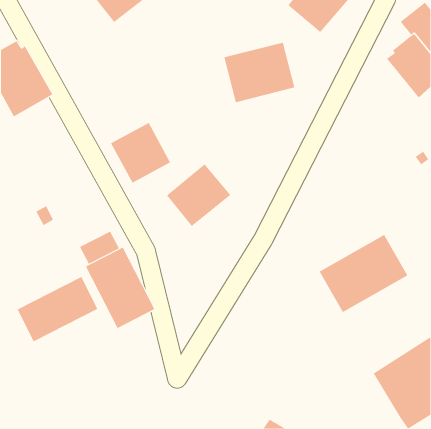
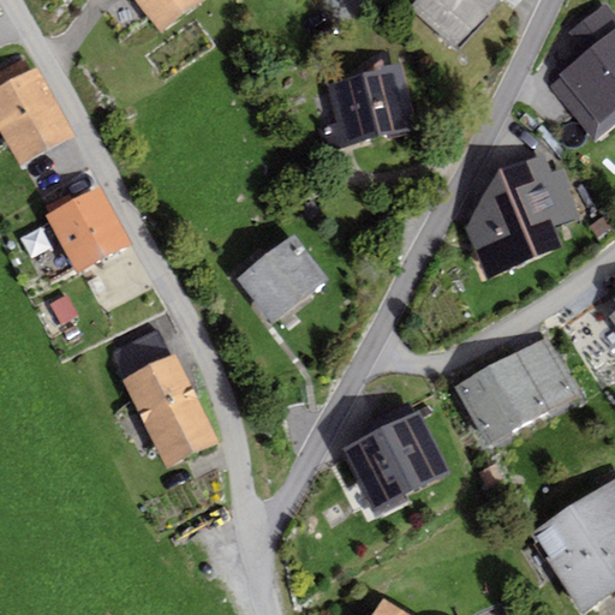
building: none -> [466,154,580,280]
building: [110,122,171,184] -> [46,184,132,271]
building: [17,276,98,342] -> none
building: none -> [342,410,449,515]

